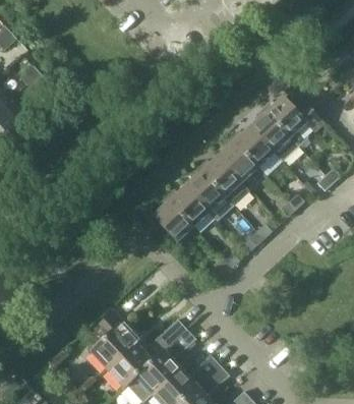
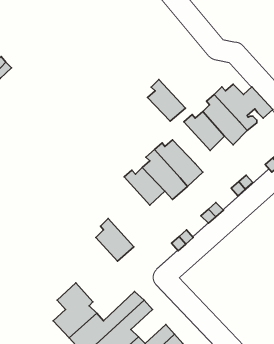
building: [218,137,258,182] -> [148,80,185,121]
building: [153,196,193,242] -> [96,219,134,261]

